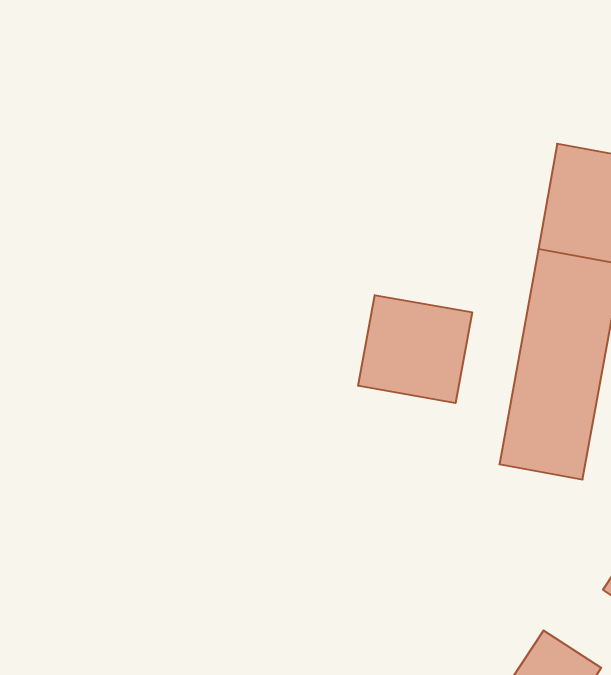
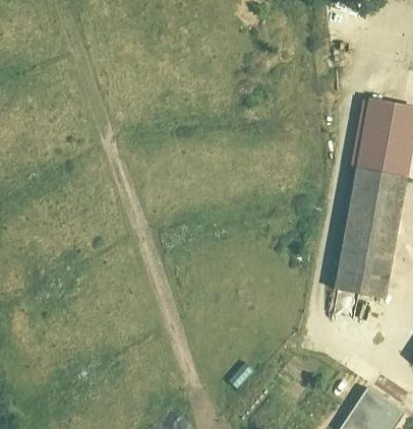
building: [358,295,472,403] -> none

